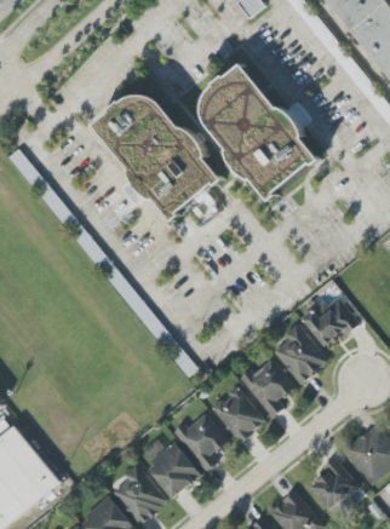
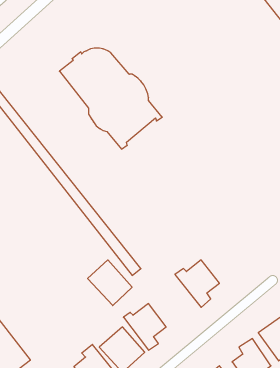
building: [205,63,320,200] -> none
building: [302,297,357,347] -> none
building: [273,323,328,384] -> none
building: [210,386,265,443] -> [88,260,132,306]

